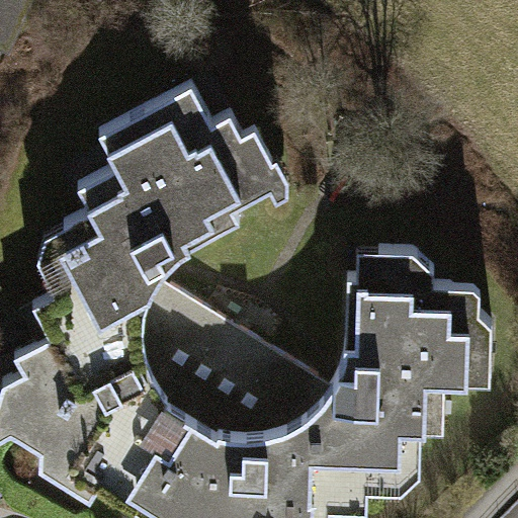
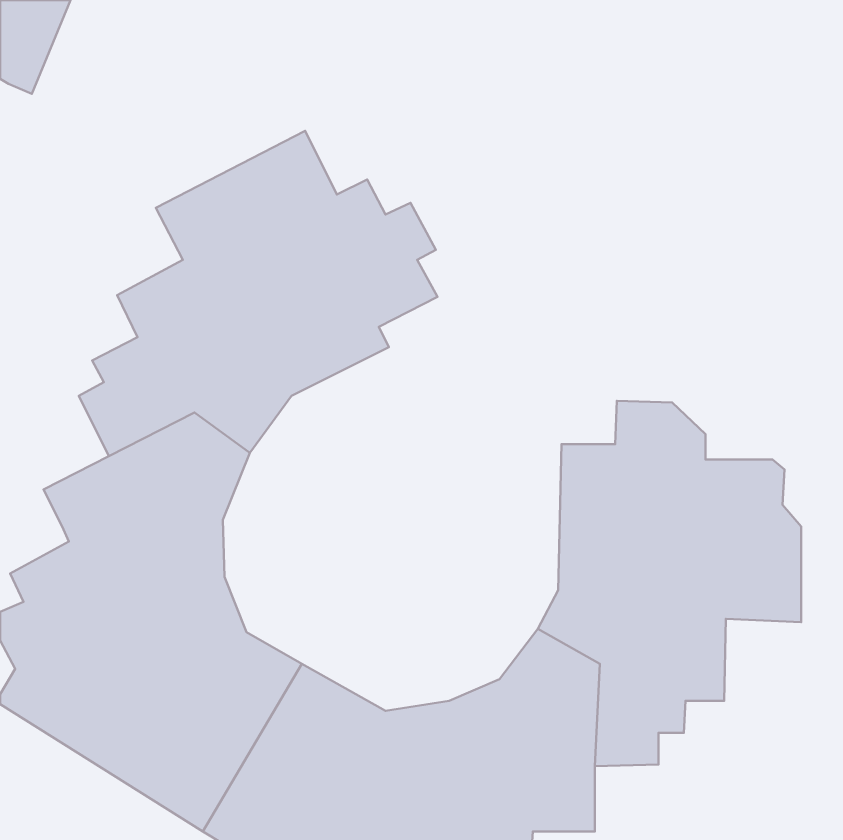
building: [143,283,333,439] -> none

